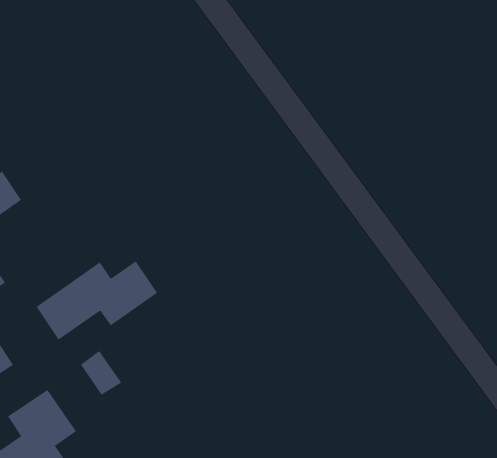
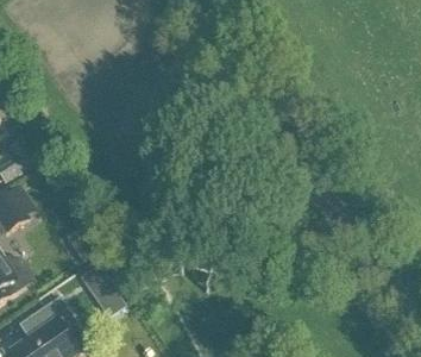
building: [36,261,158,341] -> none

